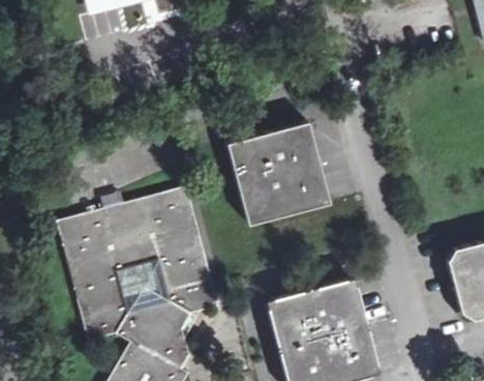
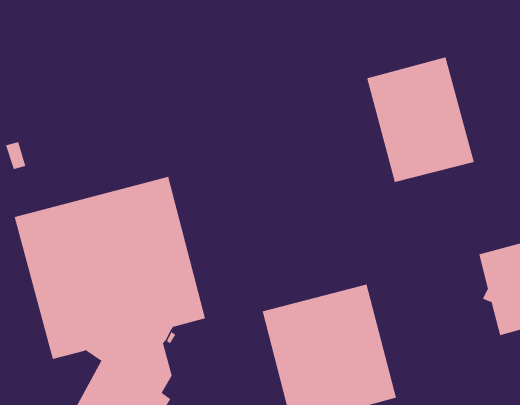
building: none -> [367,56,474,183]
building: [225,122,328,224] -> none

